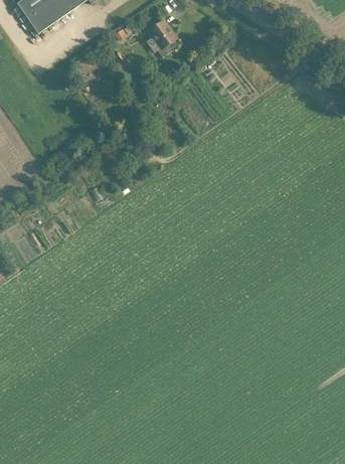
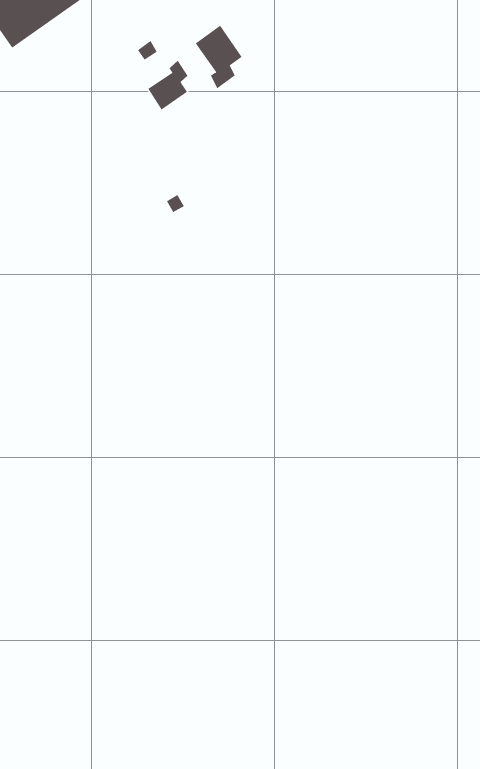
building: none -> [147,60,188,110]

